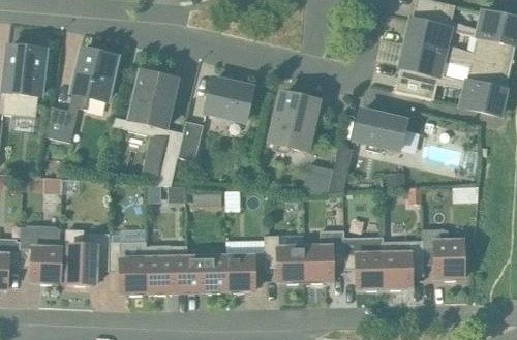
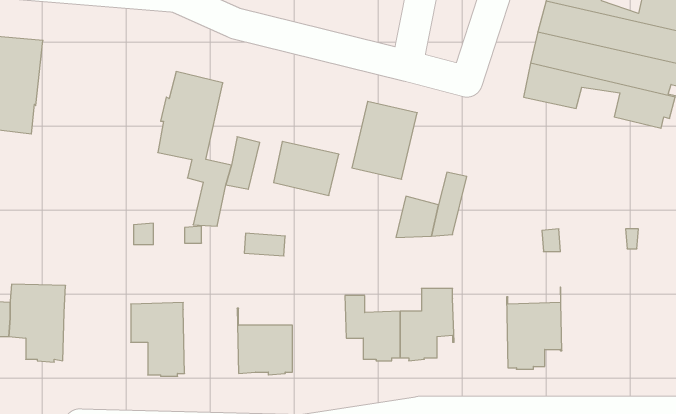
building: [47,51,116,143] -> none
building: [206,81,253,120] -> [274,141,339,195]
building: [355,111,404,152] -> none
building: [422,228,463,280] -> none
building: [66,229,109,285] -> none
building: [226,236,266,292] -> none
building: [343,237,384,289] -> none
building: [147,245,187,295] -> none

